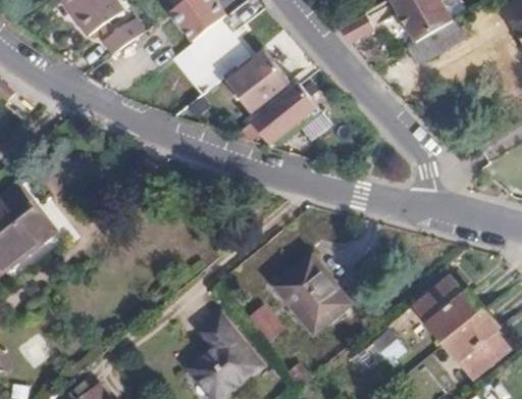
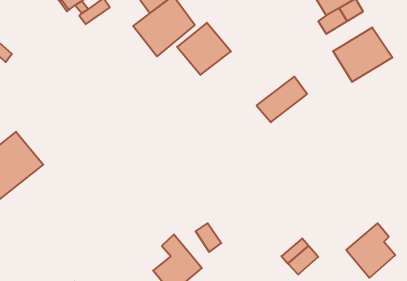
building: none -> [333,27,392,82]
building: [251,86,315,144] -> [257,77,307,122]
building: [273,254,349,331] -> none
building: [413,279,481,341] -> none

